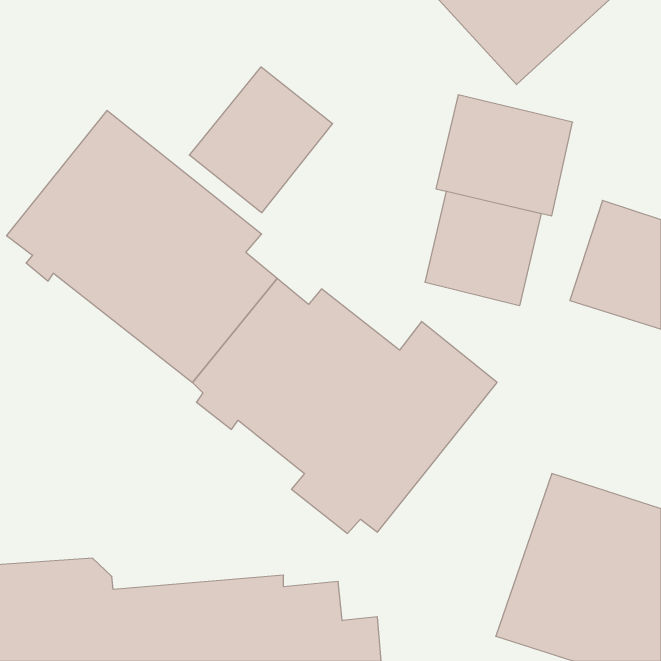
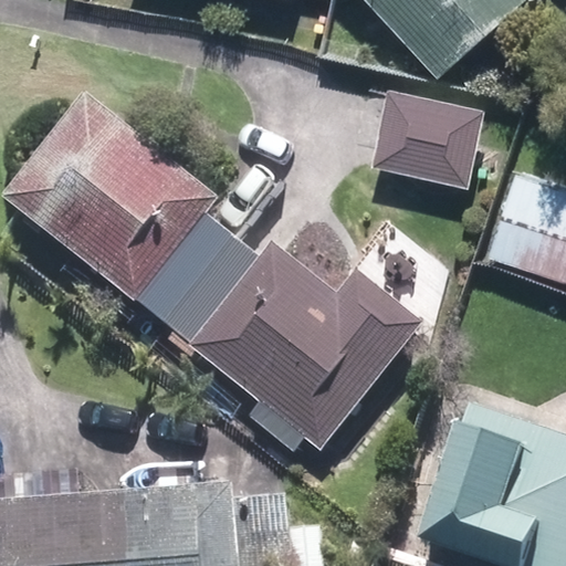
building: [189,67,333,213] -> none
building: [425,191,541,306] -> none

